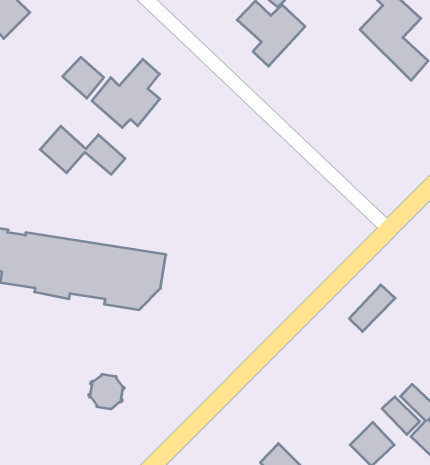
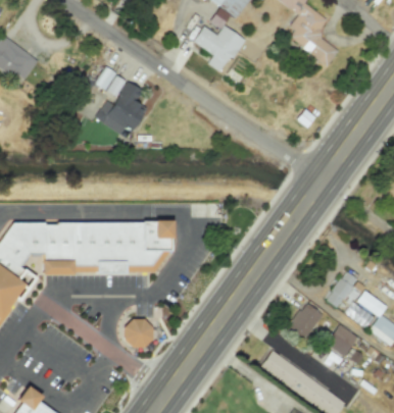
building: [63,57,104,98] -> [95,67,126,97]
building: [40,126,125,174] -> none
building: [349,285,395,332] -> [327,271,358,308]
building: none -> [289,303,324,341]

